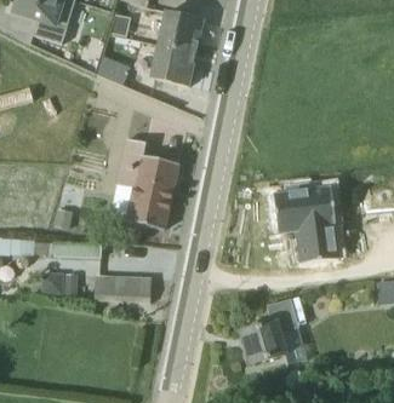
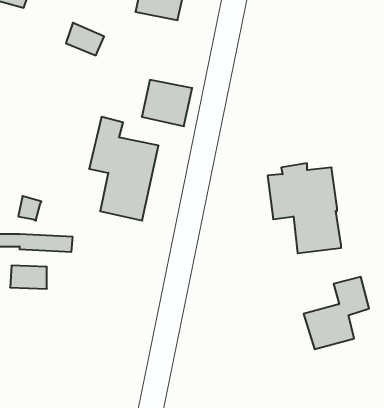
building: [150,45,195,86] -> [142,80,192,126]
building: [95,276,152,304] -> none
building: [240,299,298,363] -> [304,277,369,349]

